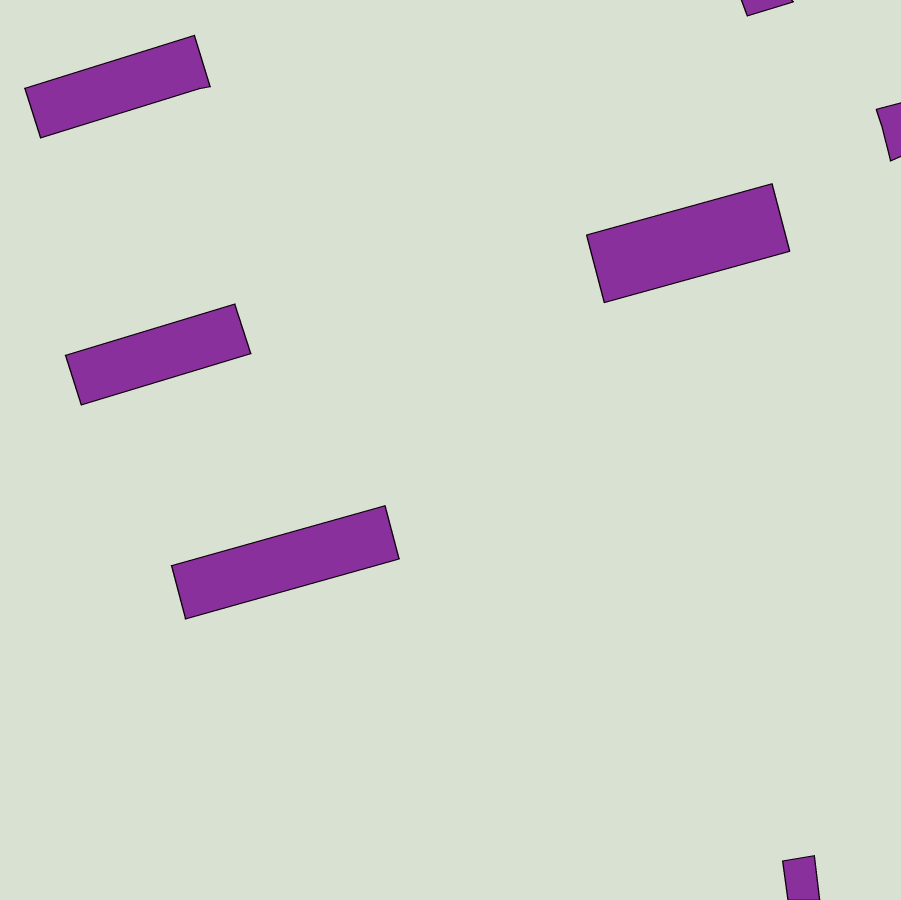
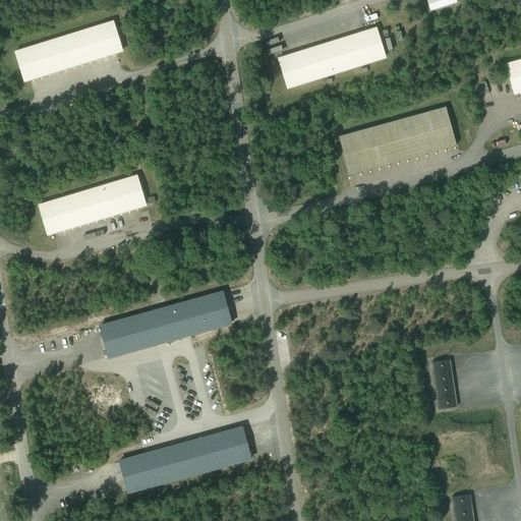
building: none -> [279,27,385,86]
building: none -> [431,358,457,408]
building: none -> [119,426,250,491]

